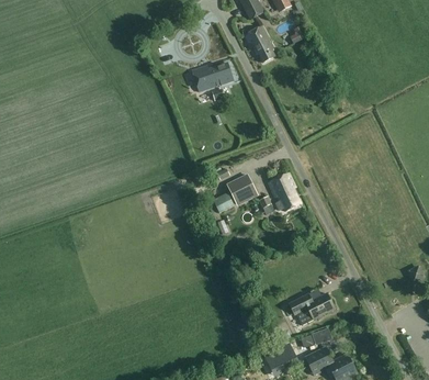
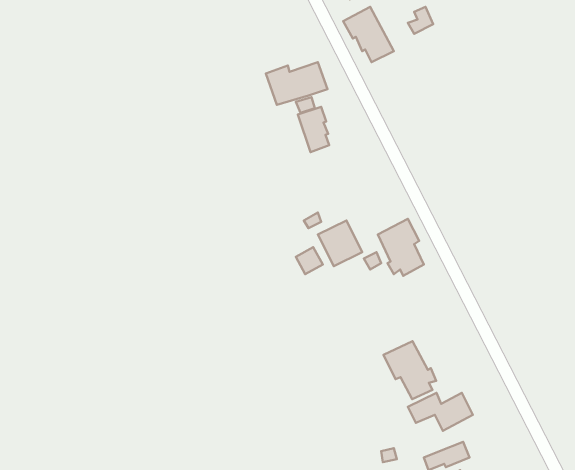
building: none -> [298,107,329,152]
building: none -> [383,341,436,399]

